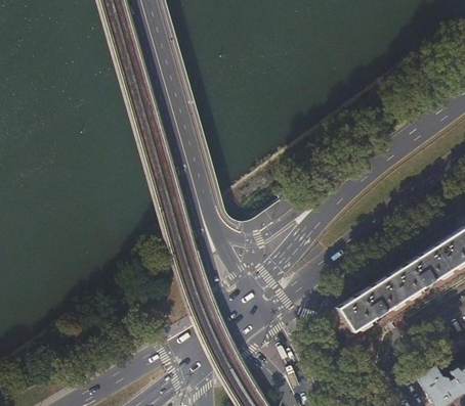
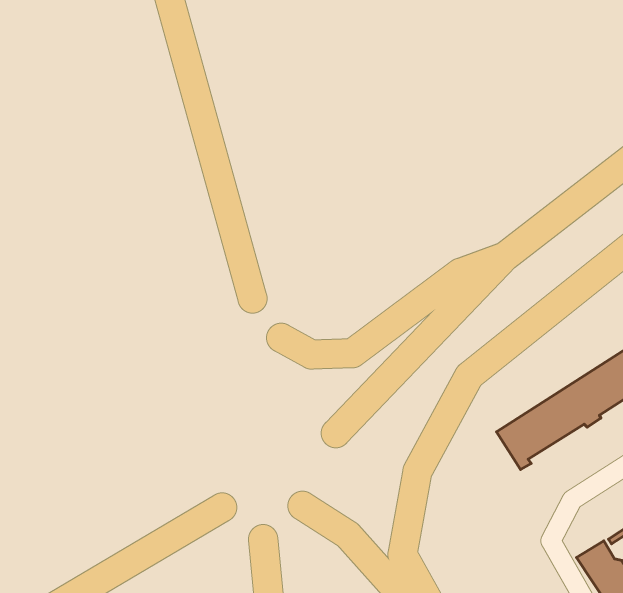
building: [337,294,379,333] -> none

